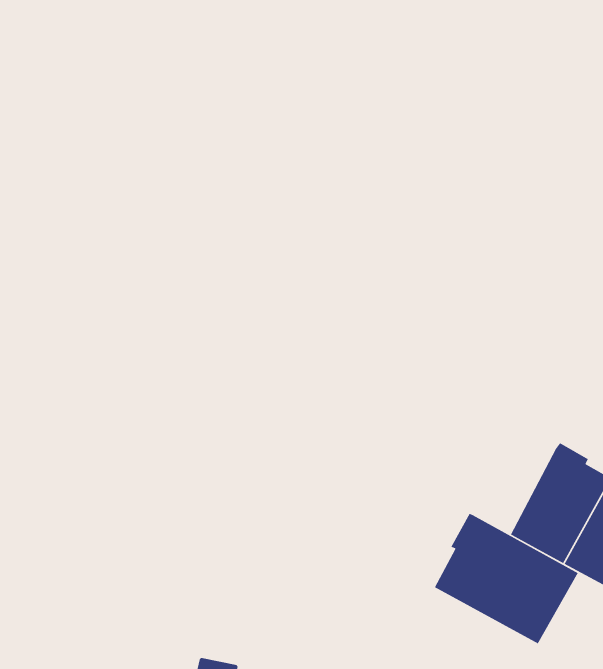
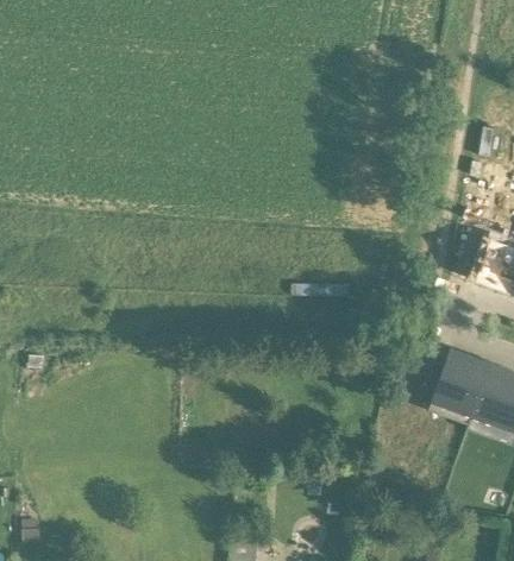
building: [434,513,579,644] -> none

